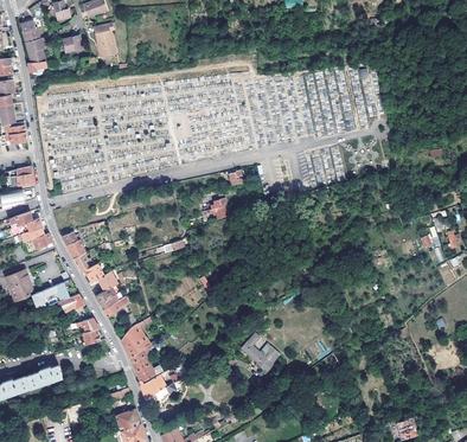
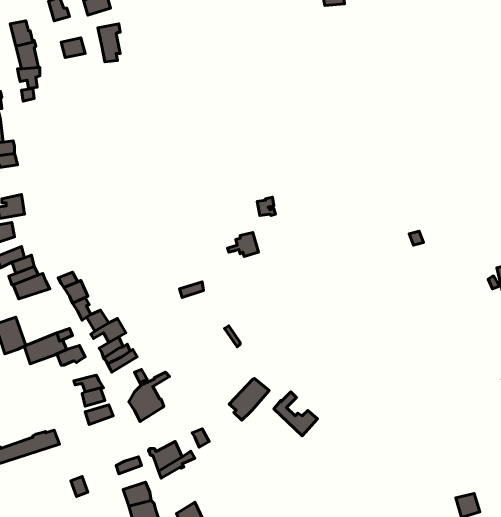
building: none -> [229,378,269,420]
building: [129,346,162,382] -> none

